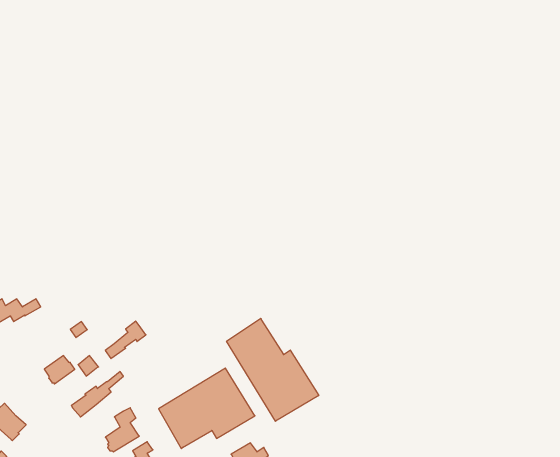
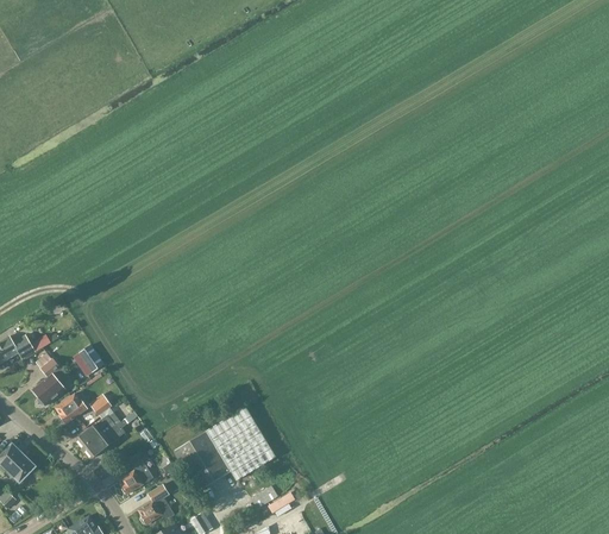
building: [227,318,319,421] -> none
building: [105,321,146,359] -> [76,407,119,446]
building: none -> [31,358,65,406]

